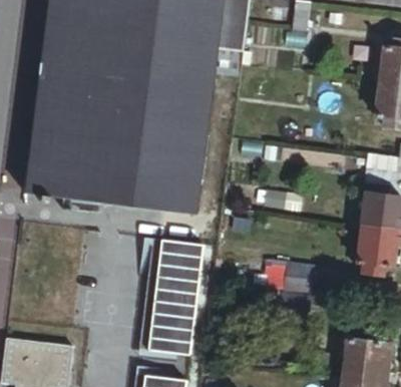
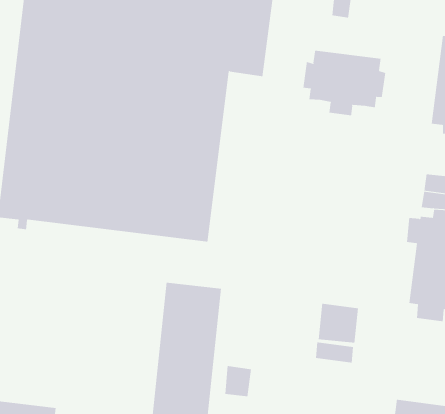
building: none -> [303,50,386,116]

